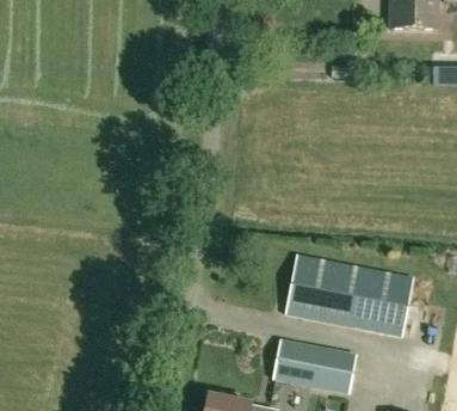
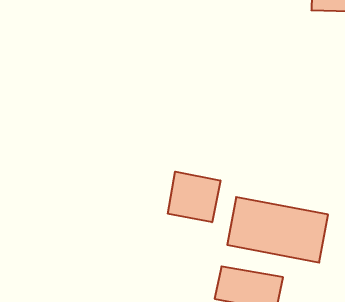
building: none -> [168,172,220,222]

